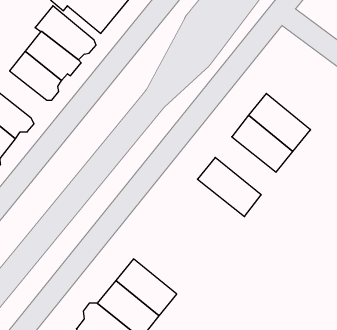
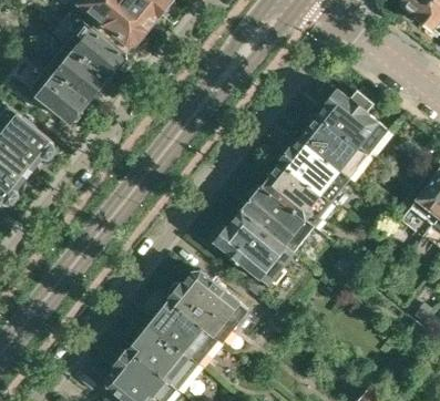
building: none -> [318,91,387,155]
building: none -> [260,163,329,228]
building: none -> [213,210,294,286]
building: none -> [166,270,247,342]

